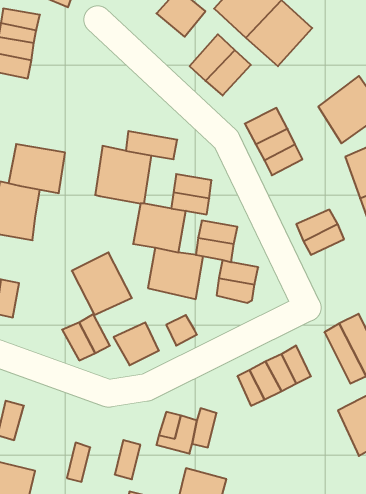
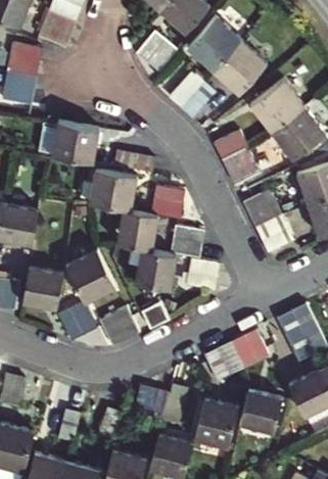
building: none -> [252,77,306,130]
building: [9,144,65,193] -> [48,122,95,162]
building: none -> [239,188,281,228]
building: none -> [24,260,66,309]
building: none -> [238,388,281,439]
building: none -> [196,395,239,444]

